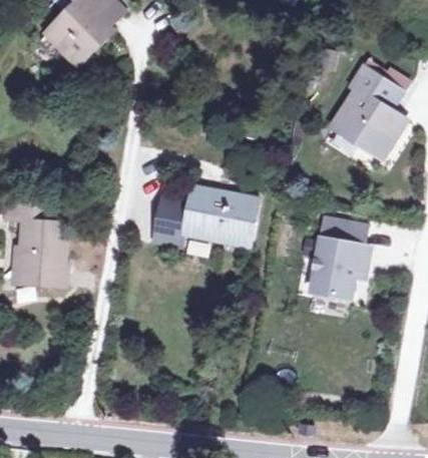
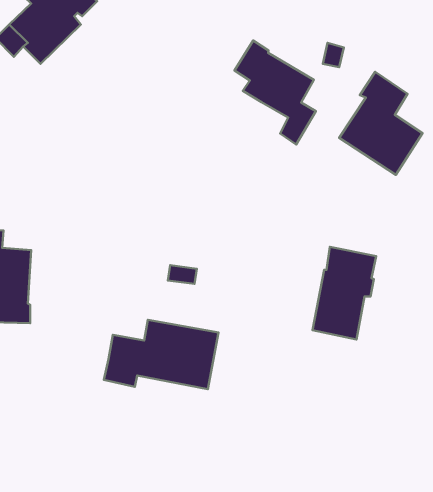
building: none -> [234,40,316,144]
building: [156,185,256,246] -> [104,320,218,389]

